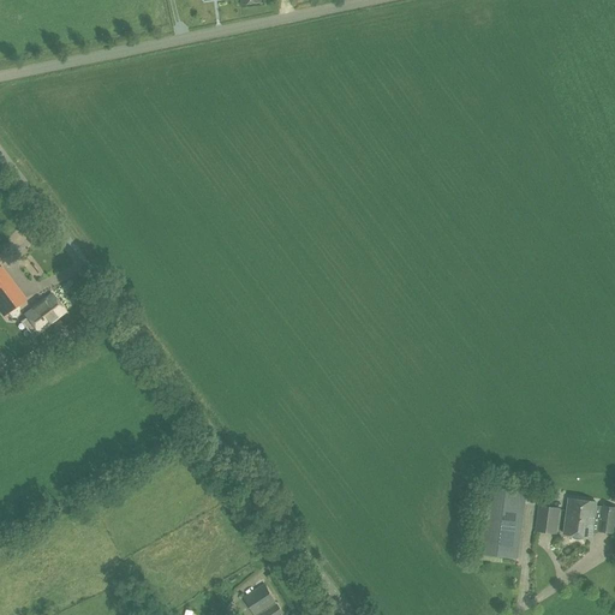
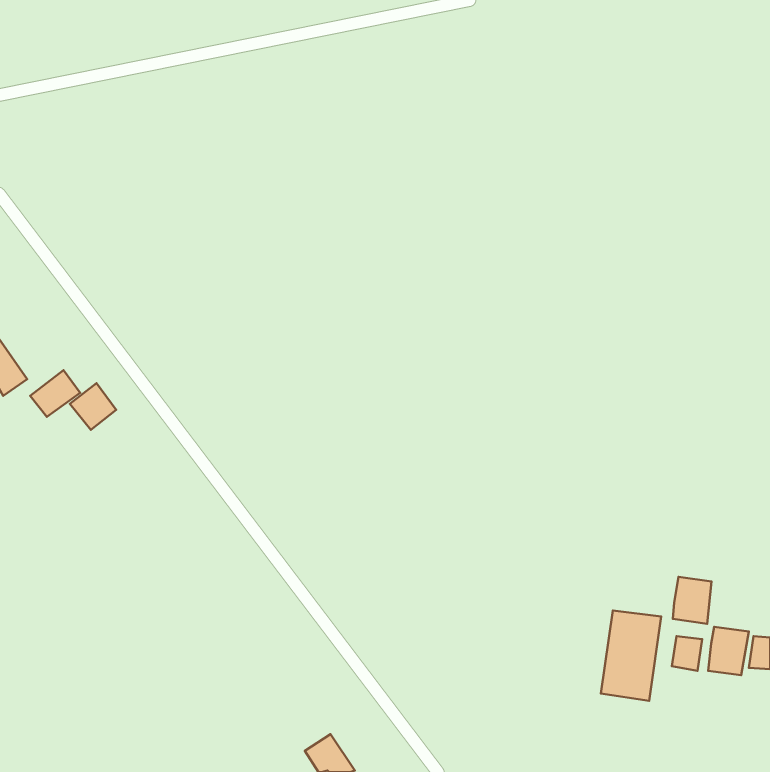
building: none -> [70,383,116,430]
building: none -> [673,577,712,624]

